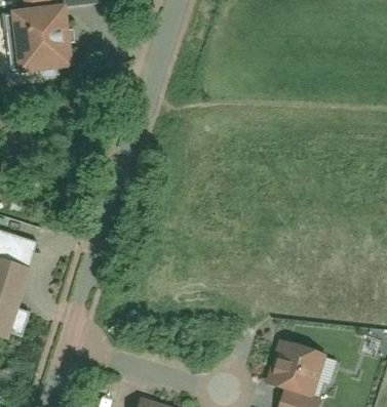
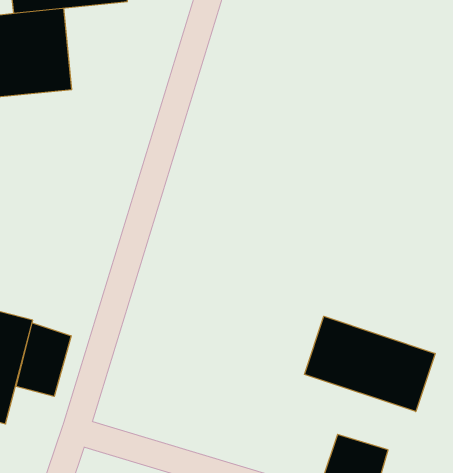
building: none -> [304,316,435,412]
building: none -> [16,323,71,396]

